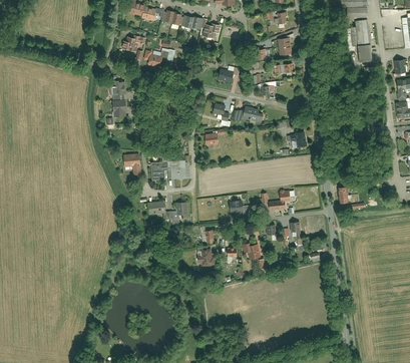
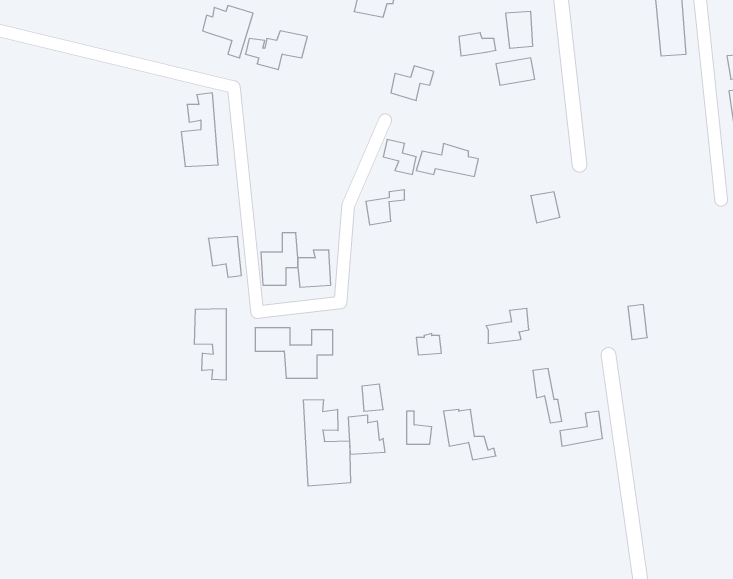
building: none -> [194,309,226,380]
building: none -> [303,400,351,486]

